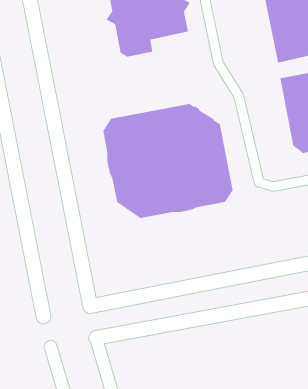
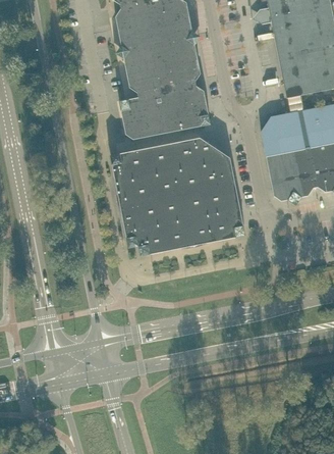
building: none -> [119,65,211,139]
building: none -> [261,111,313,200]

